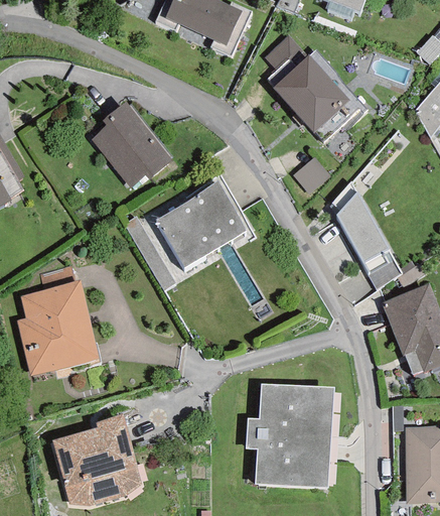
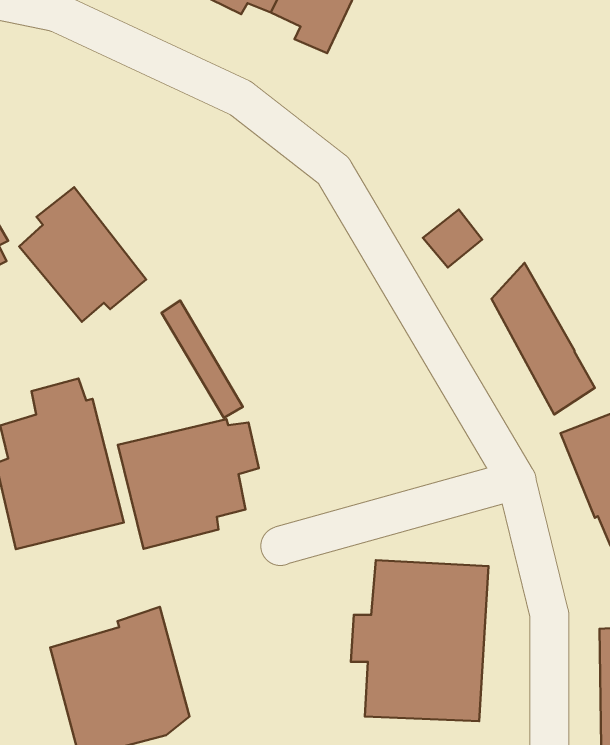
building: [265,36,369,140] -> none
building: [91,101,172,187] -> [19,187,146,322]
building: [154,180,247,268] -> none
building: none -> [118,419,259,549]

